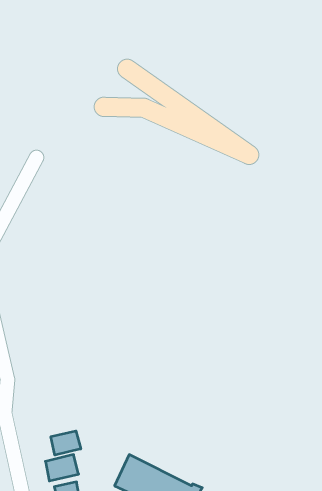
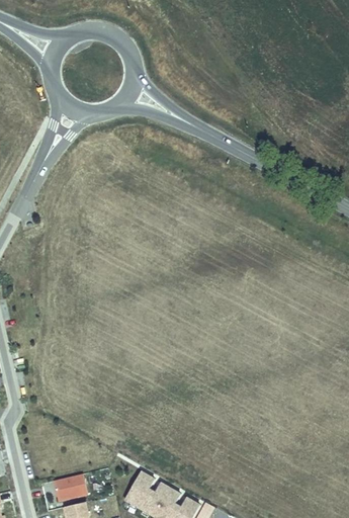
building: [51,431,81,455] -> none

